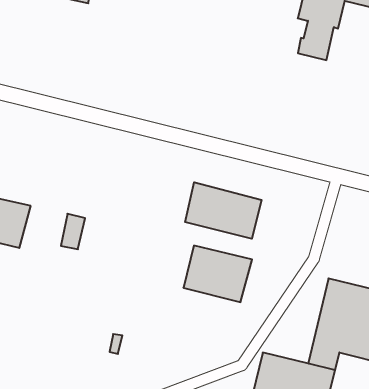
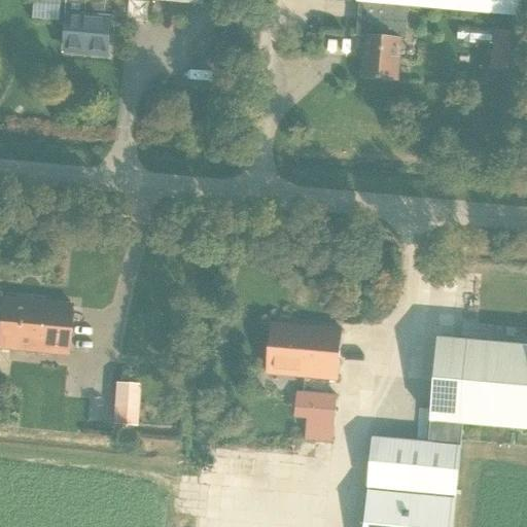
building: [185,182,262,239] -> none
building: [61,214,85,249] -> [113,382,137,422]
building: none -> [294,390,336,440]

